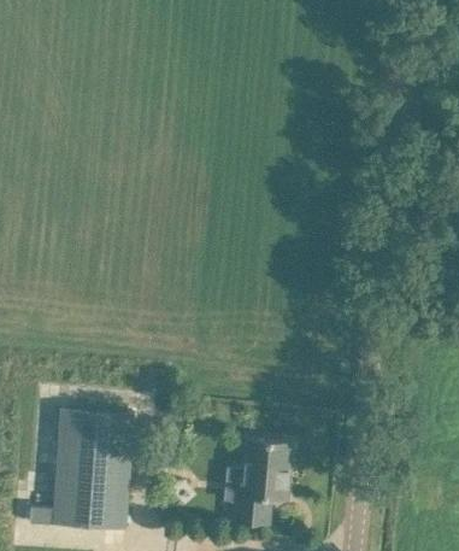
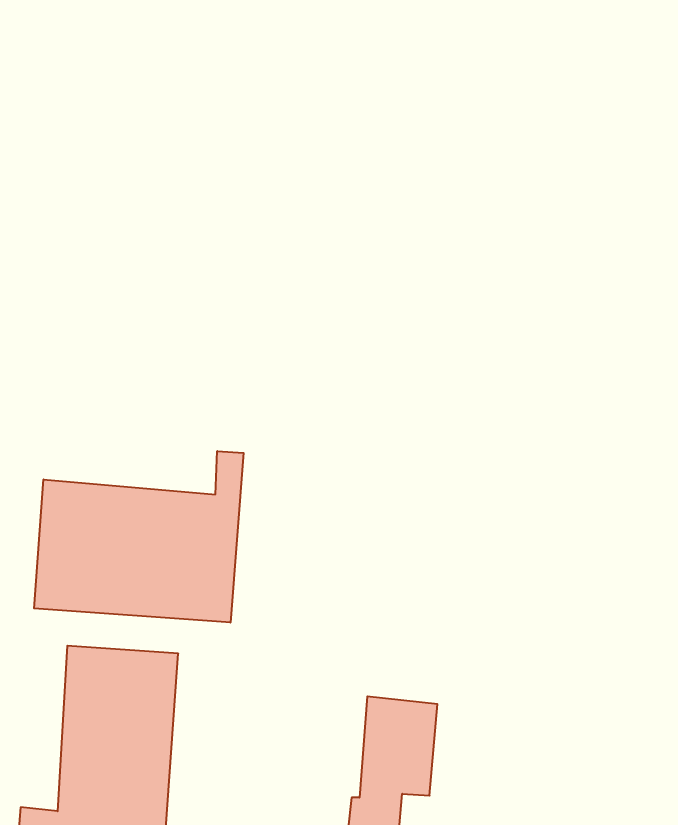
building: none -> [34,451,244,623]

